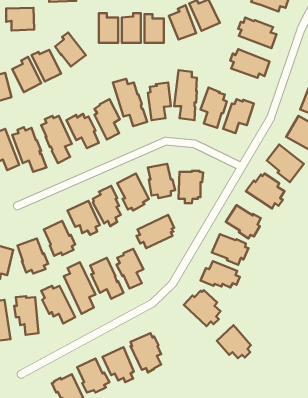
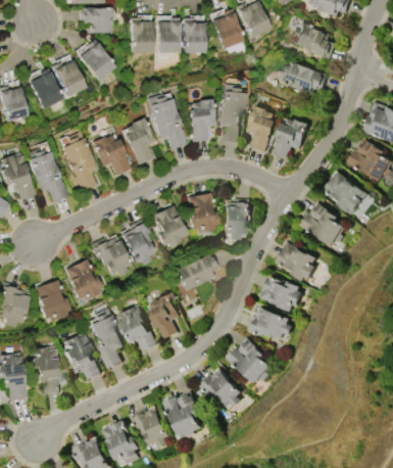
building: [6,8,34,30] -> [80,8,112,35]
building: [217,325,251,358] -> [202,369,242,408]

